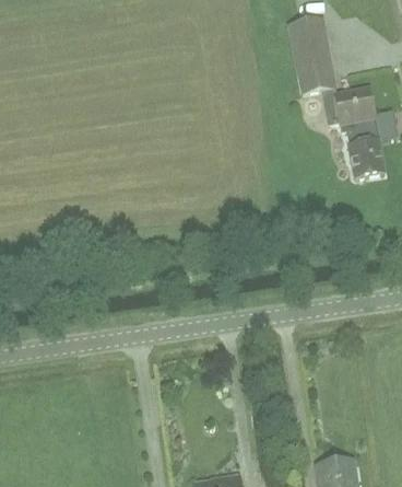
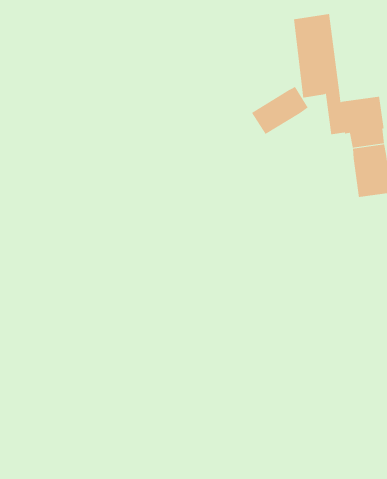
building: none -> [251,86,309,135]

